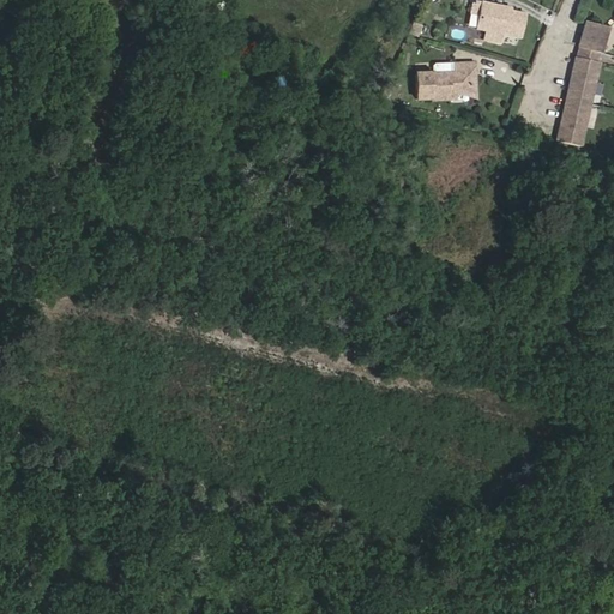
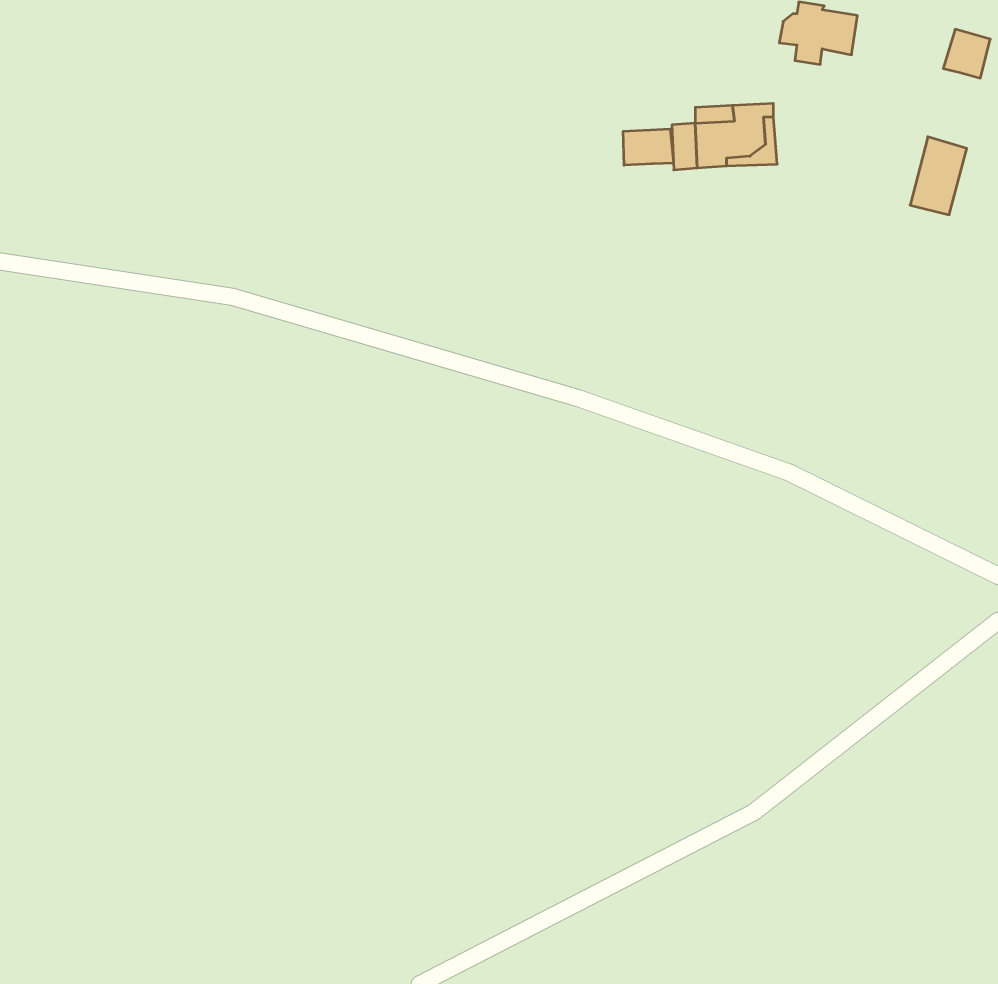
building: [570,43,604,91] -> none
building: none -> [623,129,673,165]

